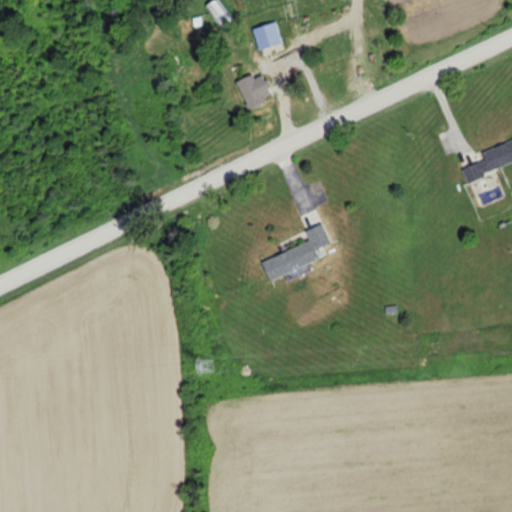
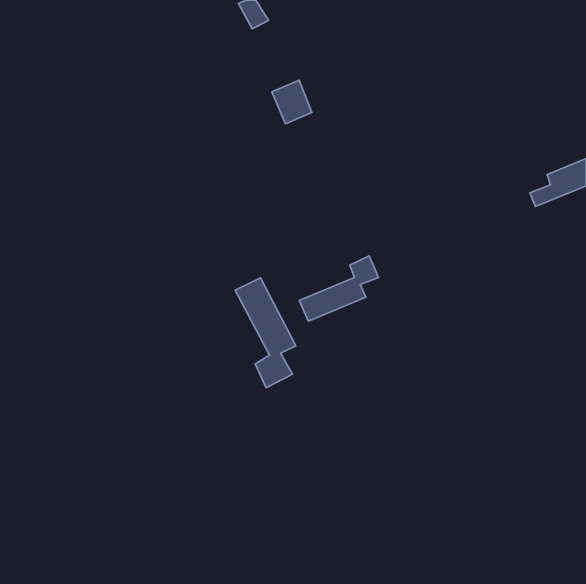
building: [254,23,282,51] -> none
building: none -> [235,278,296,388]

